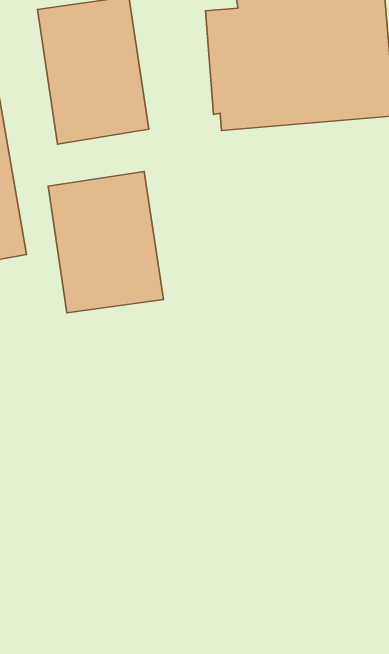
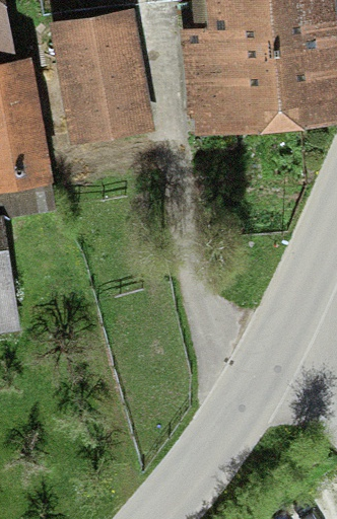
building: [48,172,163,313] -> none

